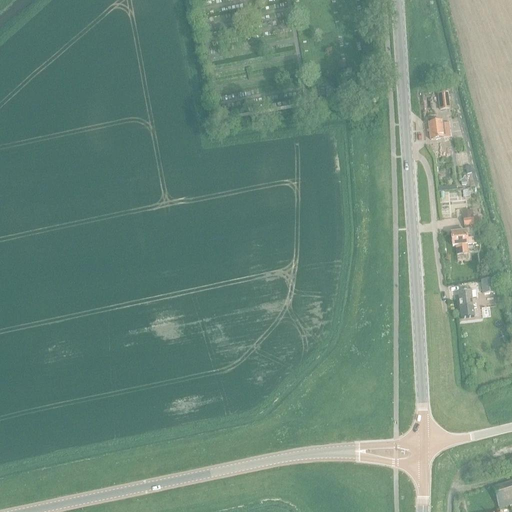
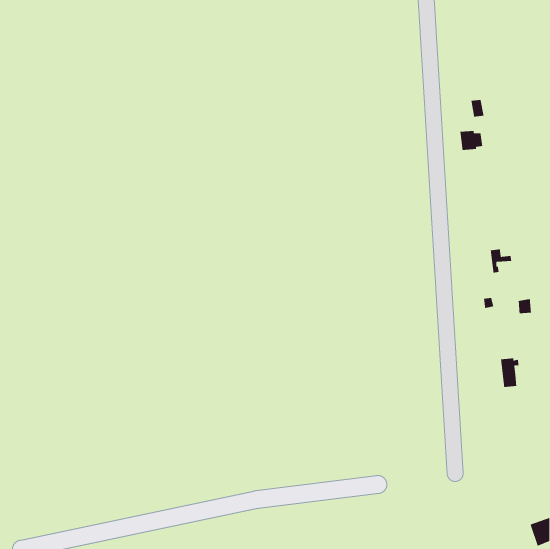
building: [458,290,476,318] -> [500,358,519,388]

